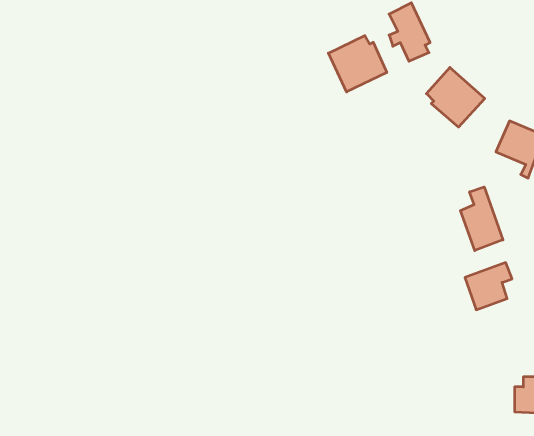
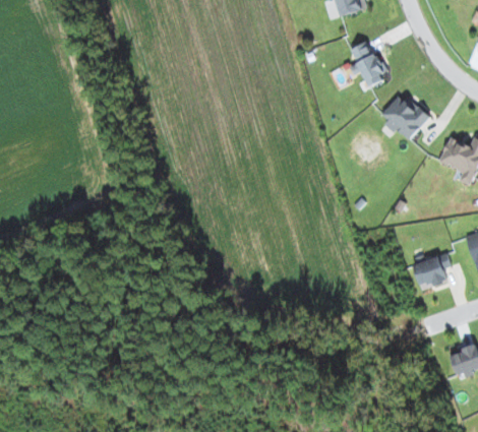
building: [328,36,387,92] -> none
building: [460,187,503,251] -> none

